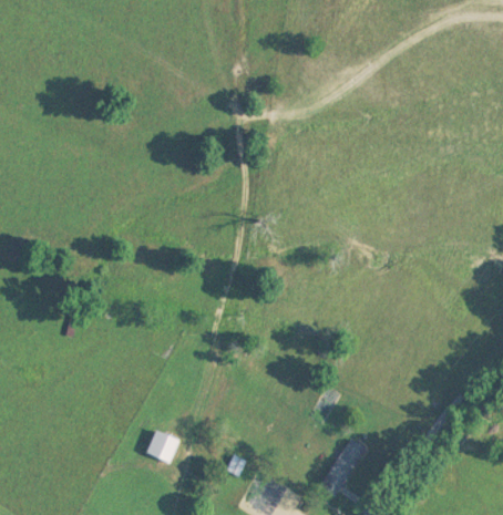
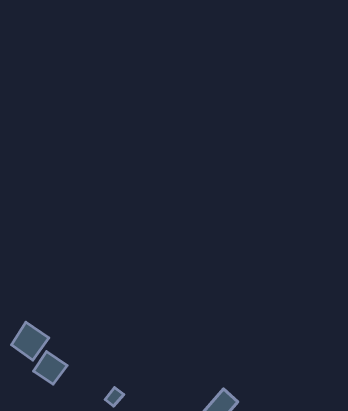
building: none -> [12,322,49,360]

